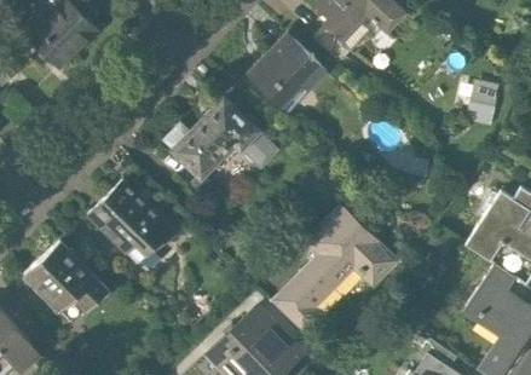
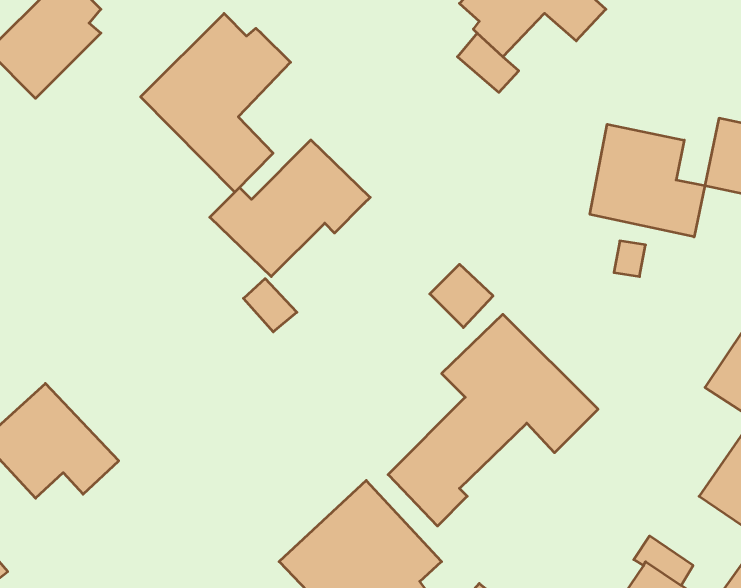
building: none -> [141,13,291,192]
building: [249,38,327,108] -> none
building: none -> [590,124,705,237]
building: [239,132,278,171] -> [430,264,493,328]
building: [87,177,175,253] -> none

